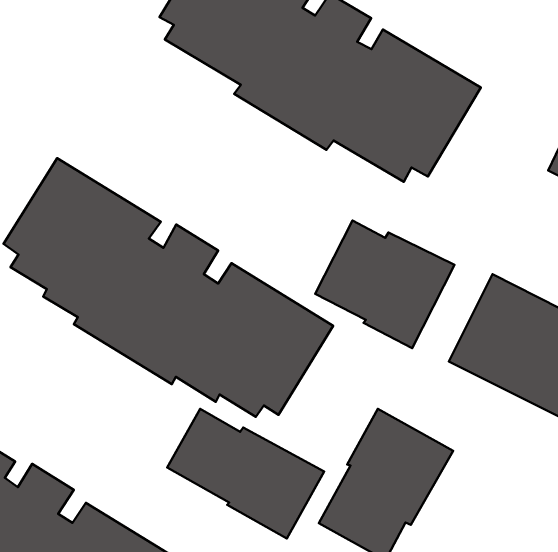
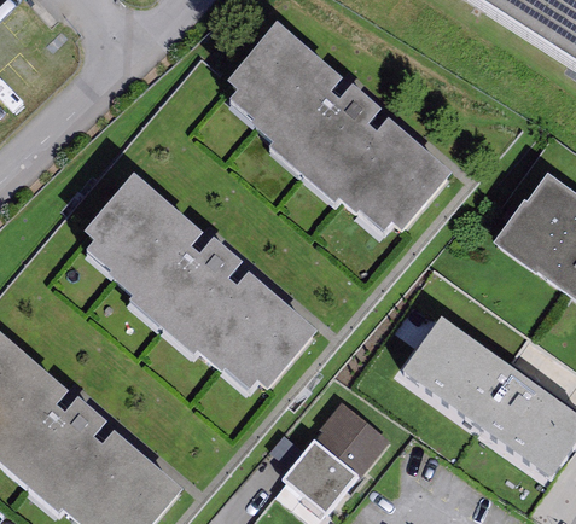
building: [315,220,455,348] -> none
building: [167,409,324,539] -> none

